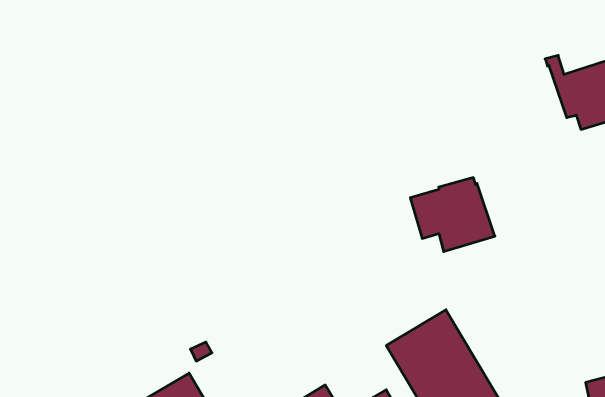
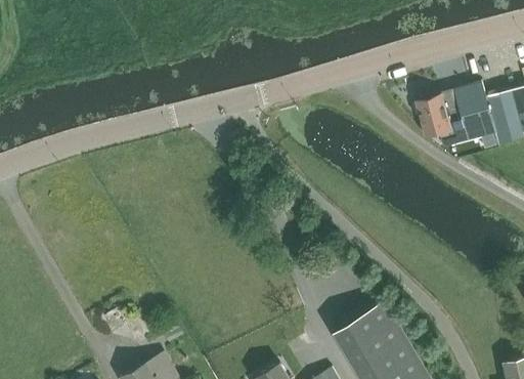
building: [410,178,495,252] -> [414,84,487,148]

